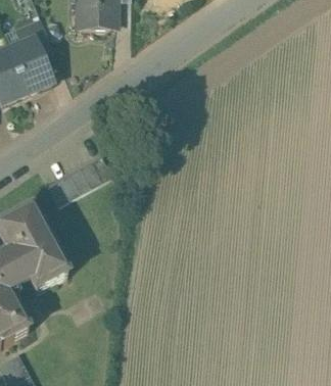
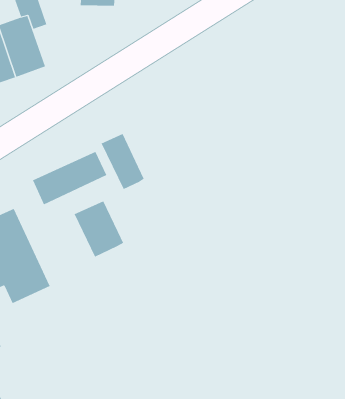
building: none -> [101,133,145,190]
building: none -> [74,200,124,257]

